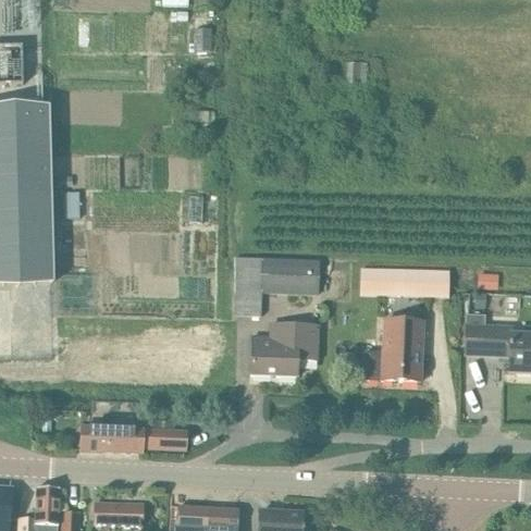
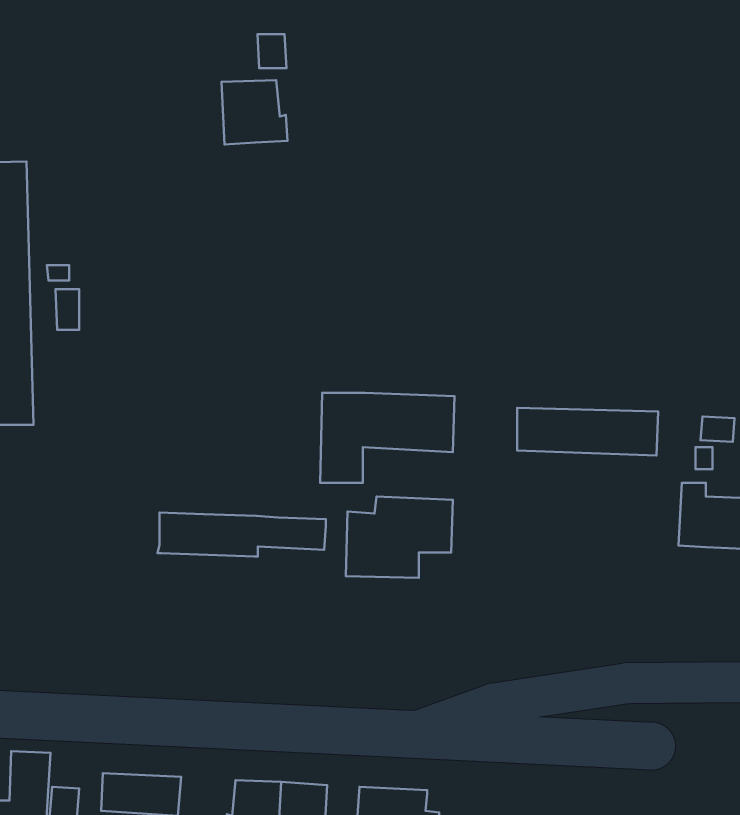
building: none -> [221,80,288,144]
building: [365,320,424,381] -> none
building: [81,424,188,453] -> [158,512,326,557]

